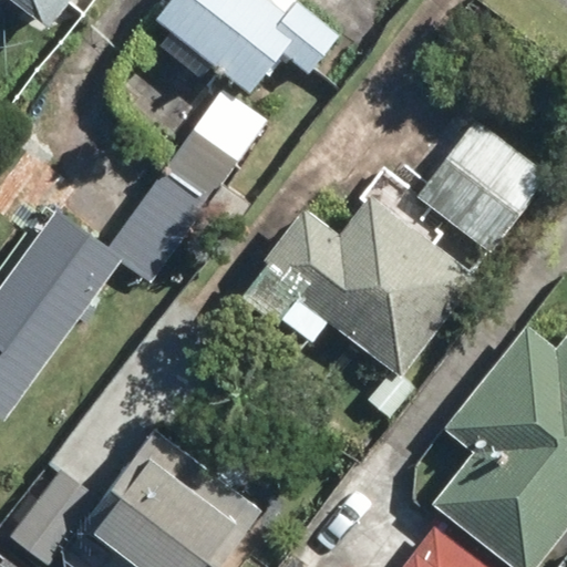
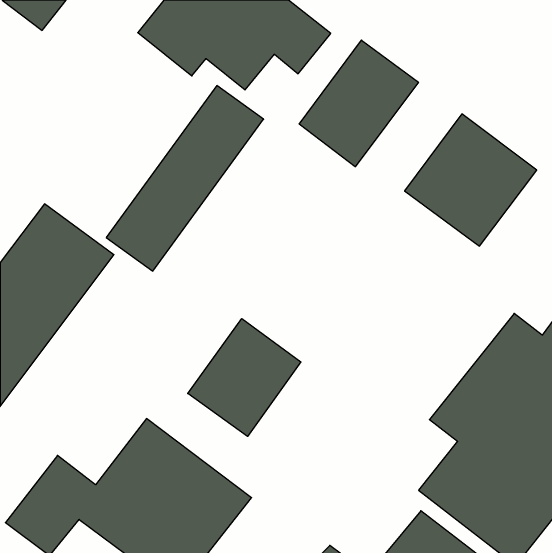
building: none -> [299,40,418,167]
building: [237,195,480,380] -> none
building: none -> [188,319,301,436]

